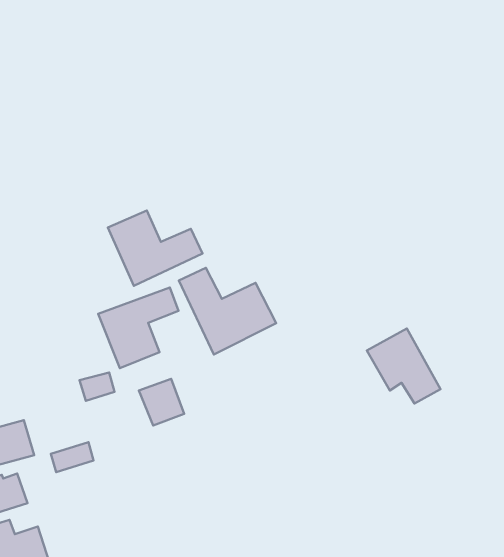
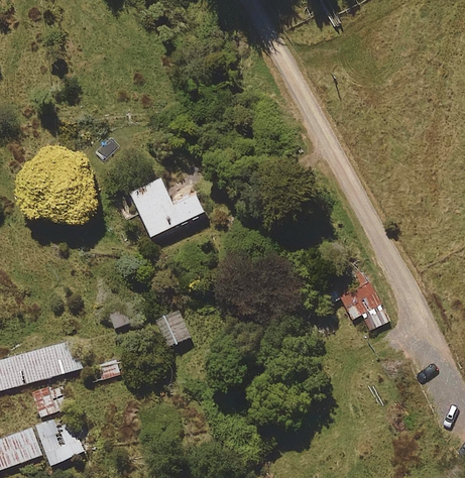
building: [179,268,276,354] -> none
building: [98,287,179,368] -> none

